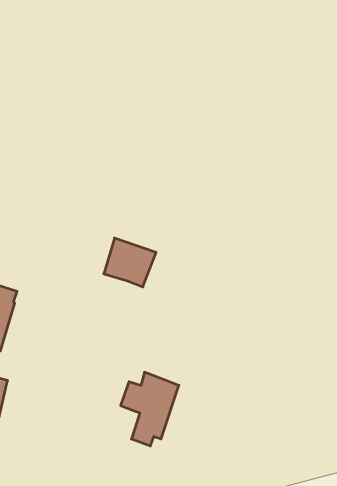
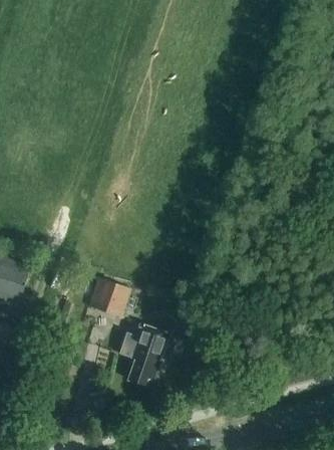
building: [104,238,156,287] -> [89,278,133,319]

